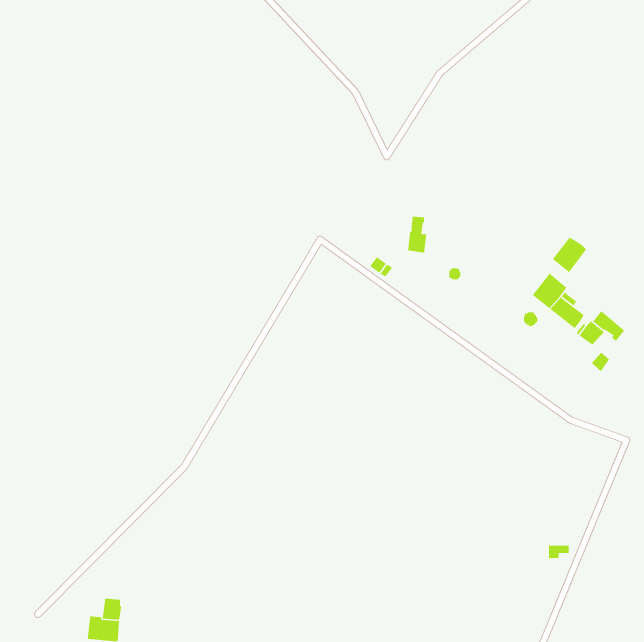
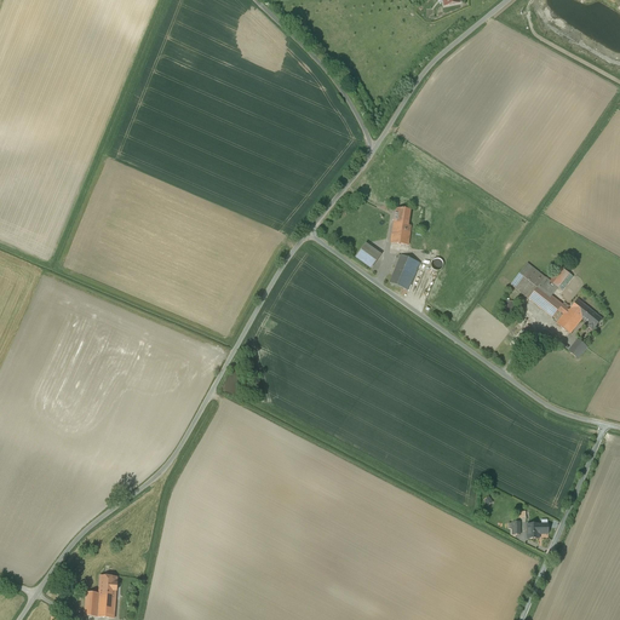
building: [552,237,587,273] -> none
building: none -> [390,253,419,288]

